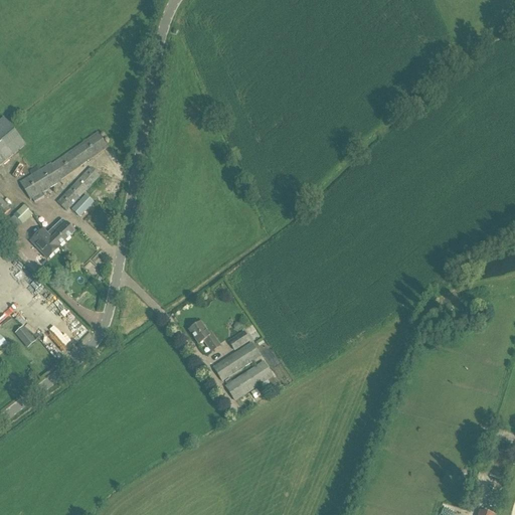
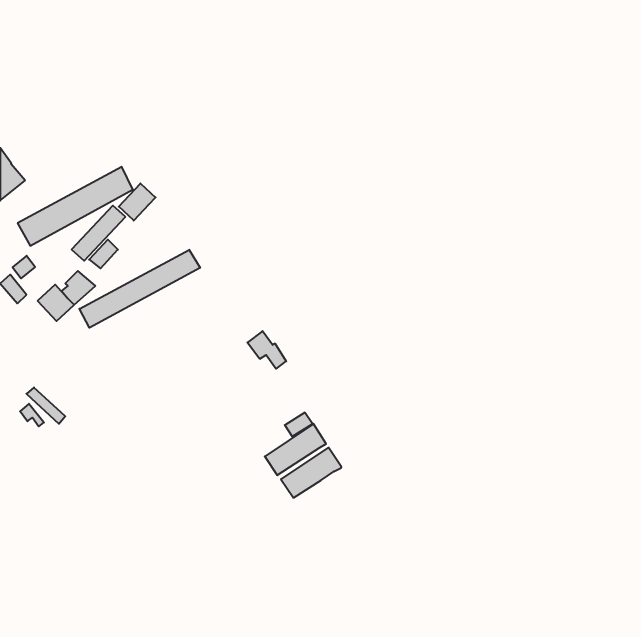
building: none -> [119,183,156,221]
building: none -> [79,250,200,328]
building: [189,320,220,350] -> [247,331,286,369]

